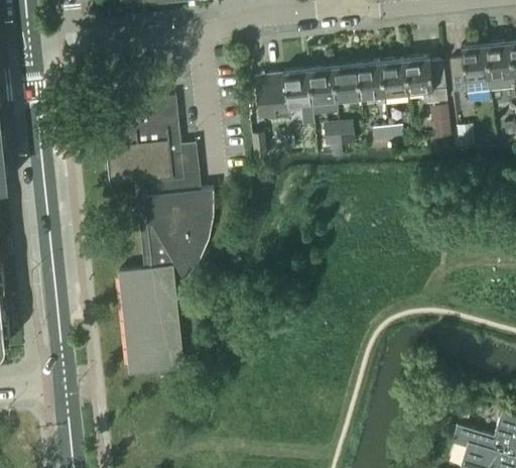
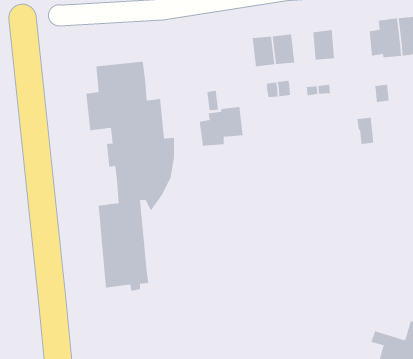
building: [406,56,447,104] -> none
building: [357,62,385,99] -> none
building: [258,69,312,117] -> [199,106,244,146]
building: [430,106,452,139] -> [357,117,374,144]

